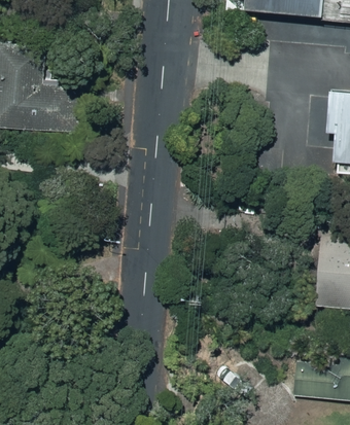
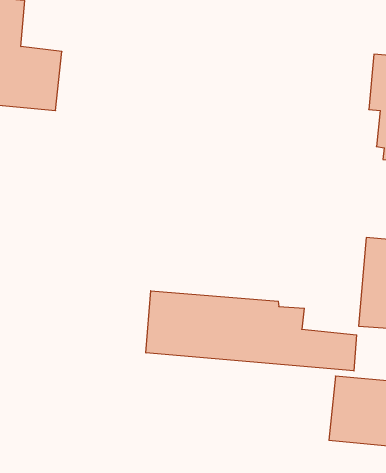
building: none -> [146,291,357,371]

